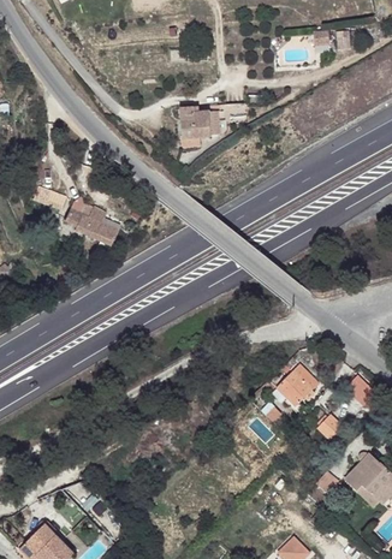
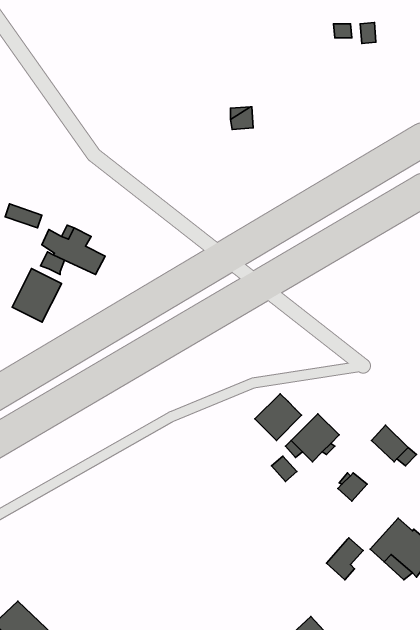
building: [180,107,220,138] -> none
building: none -> [12,269,62,322]
building: none -> [255,394,302,440]

